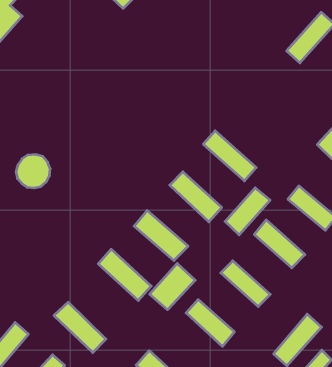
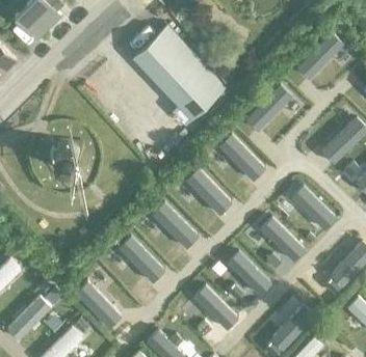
building: none -> [130,26,223,120]
building: none -> [244,82,290,129]
building: [225,188,270,235] -> none
building: [150,263,195,310] -> none

